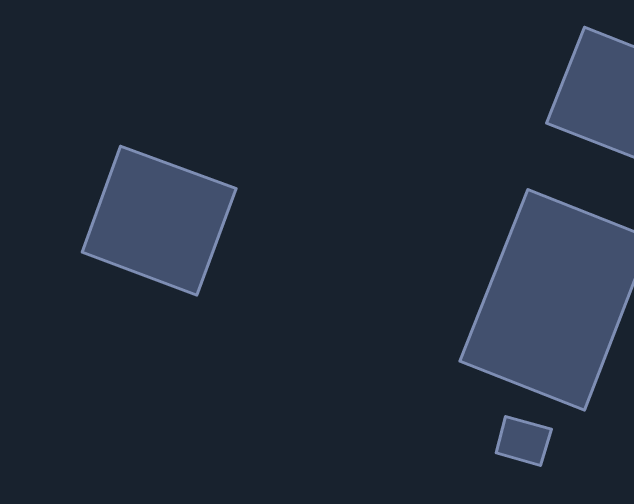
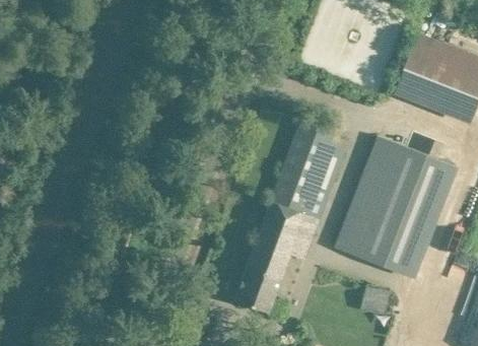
building: [82,146,236,295] -> none
building: none -> [232,118,344,315]

